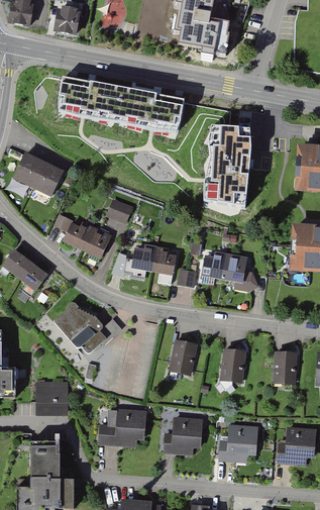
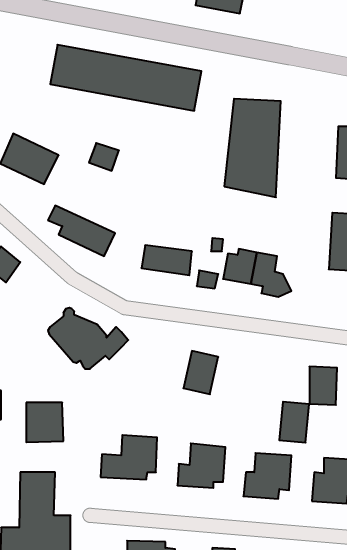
building: [106,199,131,222] -> [89,143,119,171]
building: [18,263,47,292] -> none
building: [220,346,245,381] -> [279,402,309,443]

